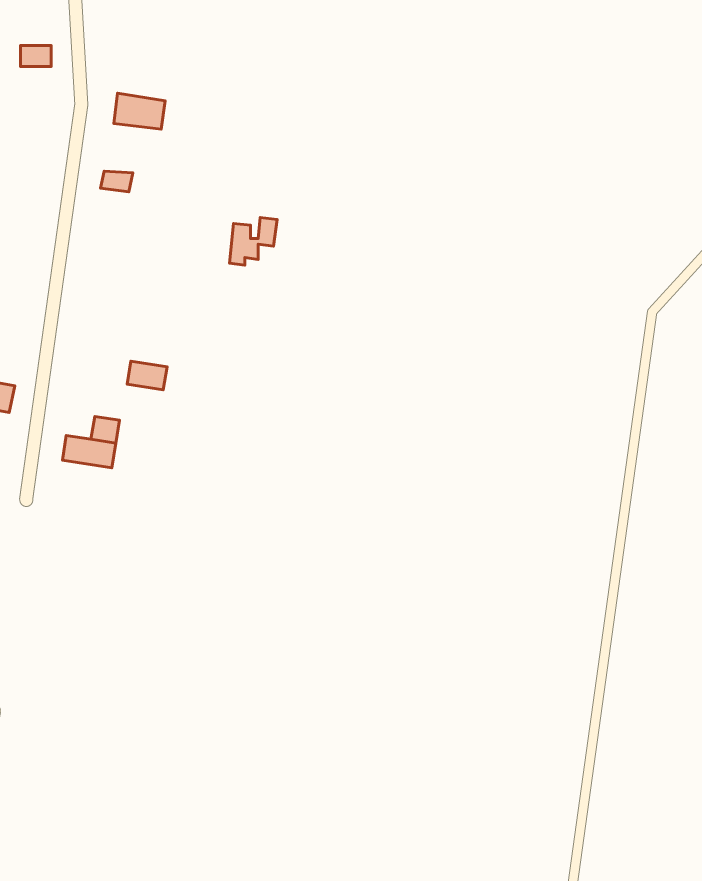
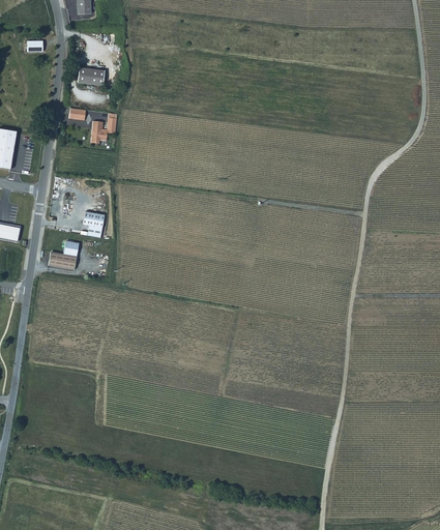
building: [230,218,277,265] -> [91,117,117,143]

